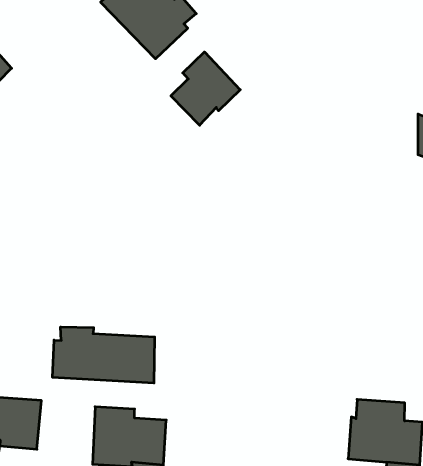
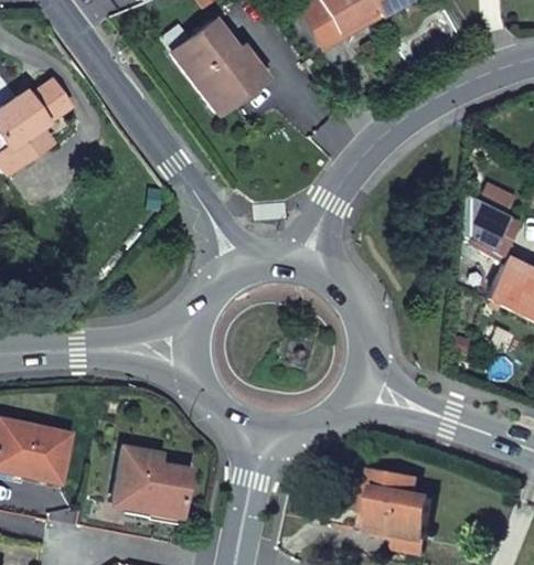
building: [171,52,240,125] -> none
building: [53,327,155,383] -> none

